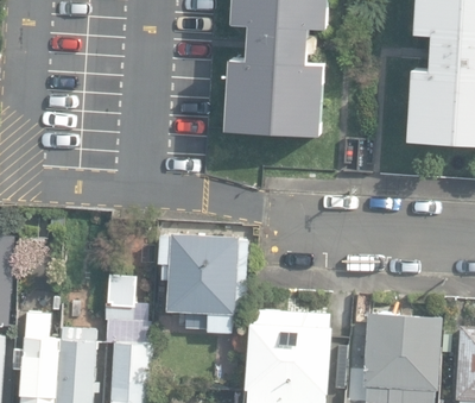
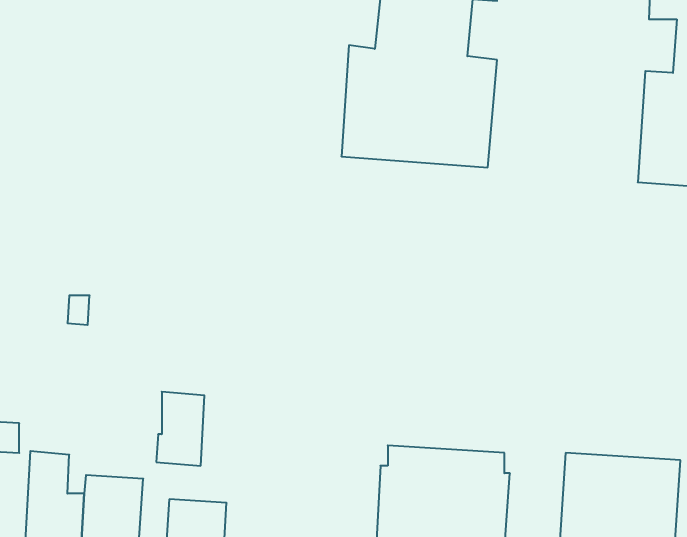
building: [159,232,248,333] -> none

